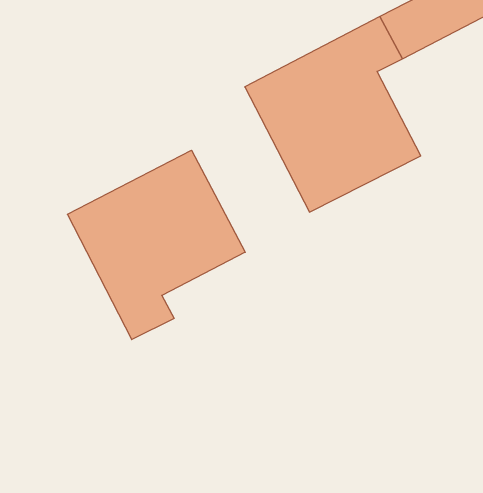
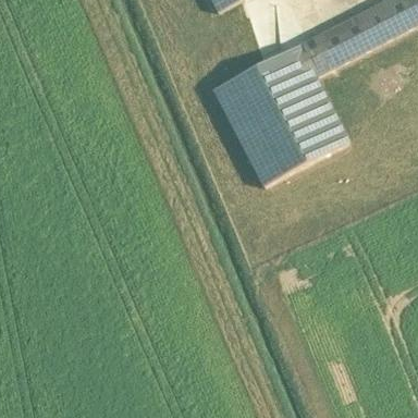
building: [67,150,245,340] -> none

